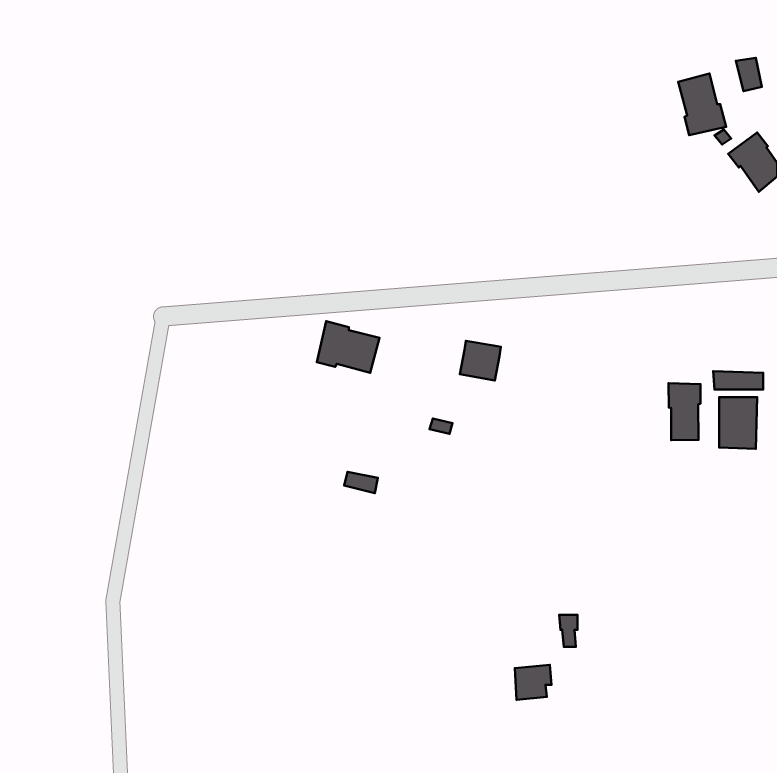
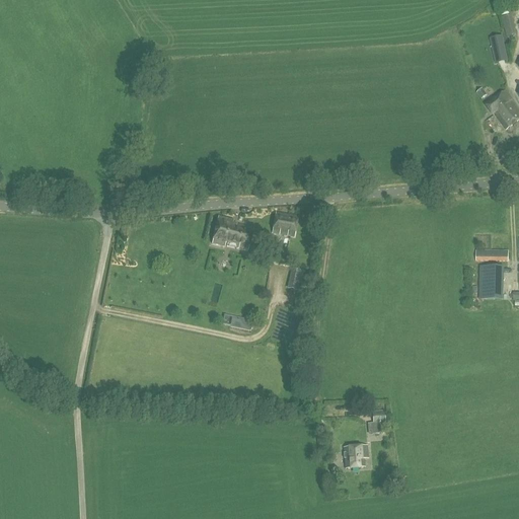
building: [678,74,726,135] -> none
building: [460,341,501,380] -> [271,209,298,235]
building: [669,383,701,440] -> none

